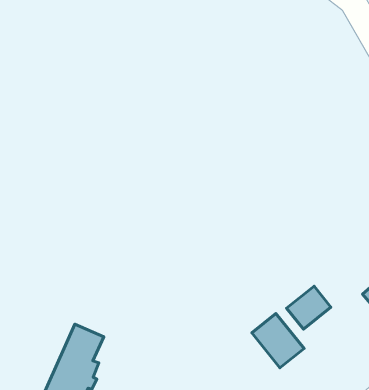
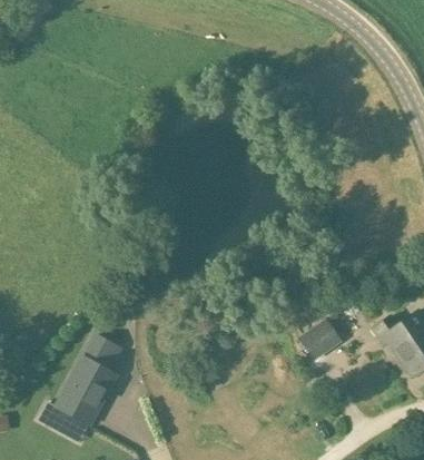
building: [252,314,304,368] -> none

